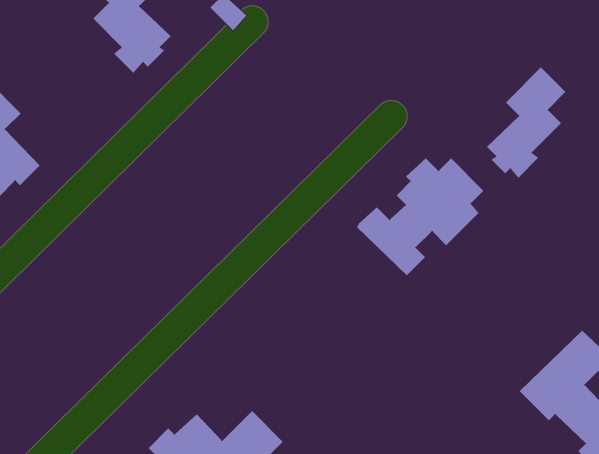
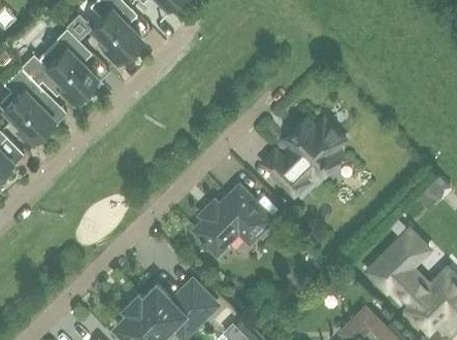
building: none -> [37,28,98,102]
building: [486,67,566,179] -> none
building: none -> [194,185,273,258]

